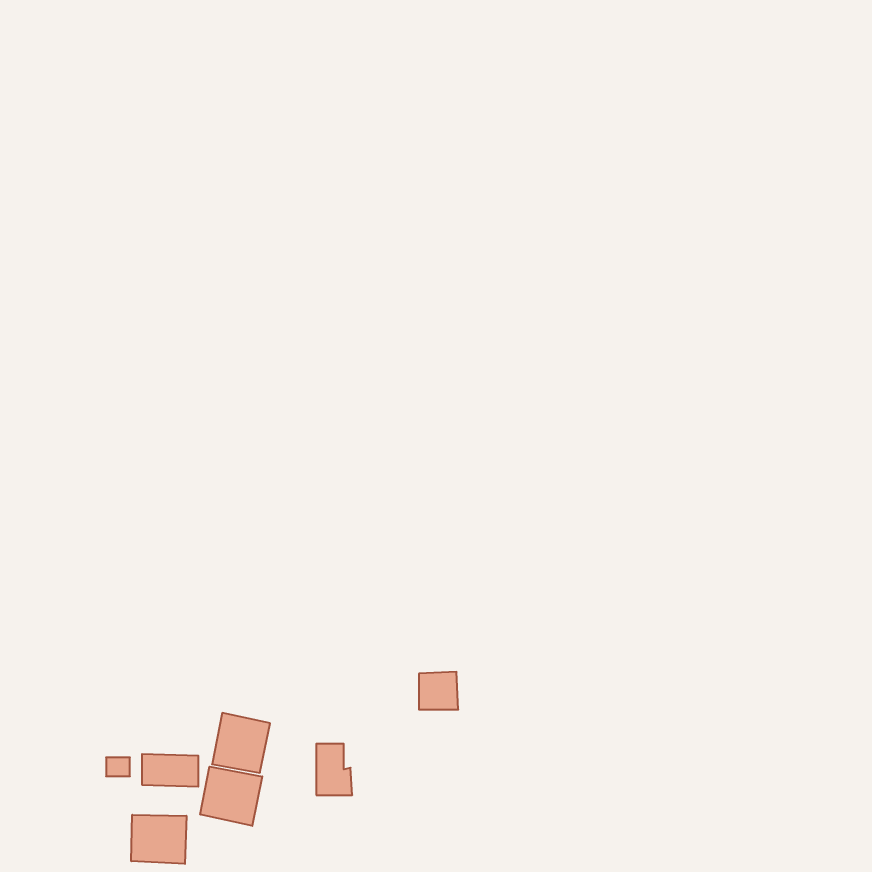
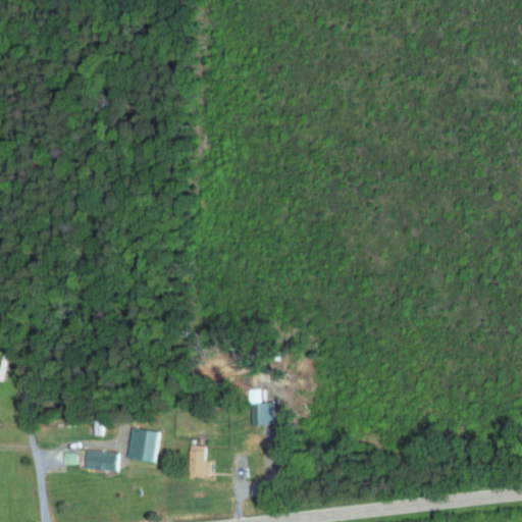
building: [200,767,262,826] -> none
building: [131,815,186,864] -> none

